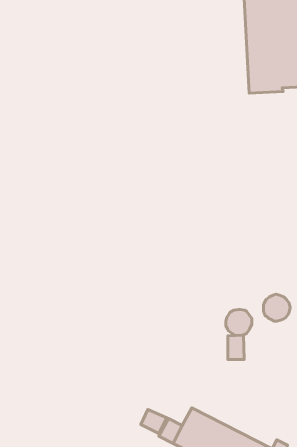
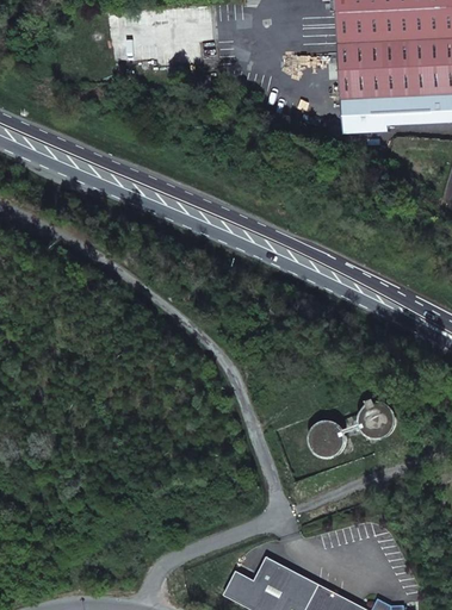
building: [228,335,244,359] -> none
building: [141,410,167,434] -> none

